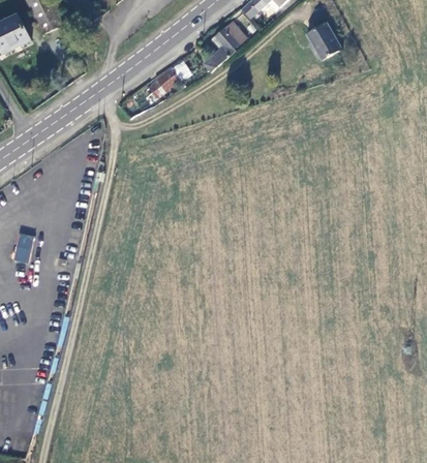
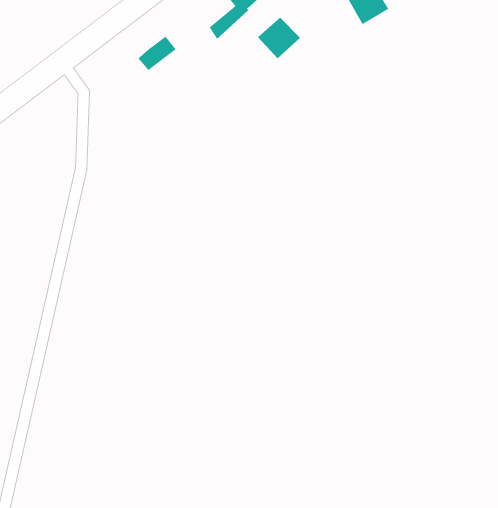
building: none -> [257,17,301,59]

